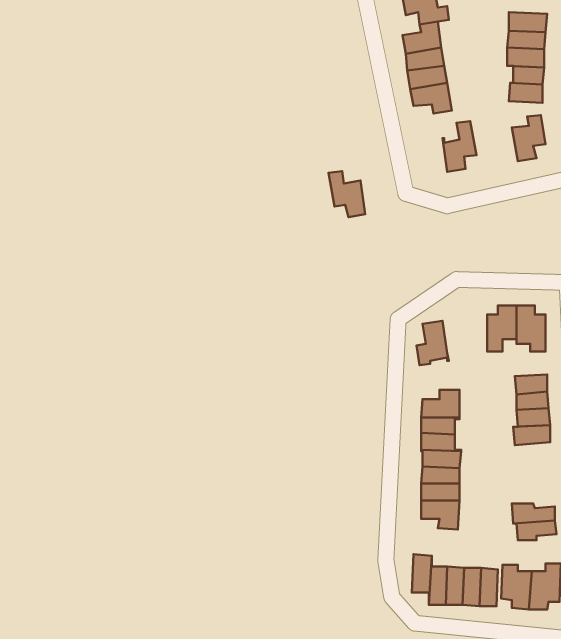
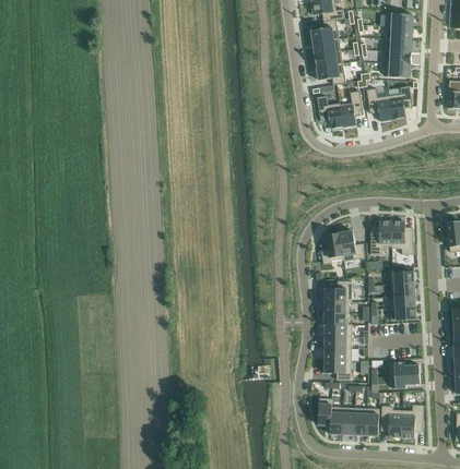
building: none -> [367,88,393,121]
building: [328,171,365,217] -> [317,96,343,129]
building: none -> [340,230,365,261]

